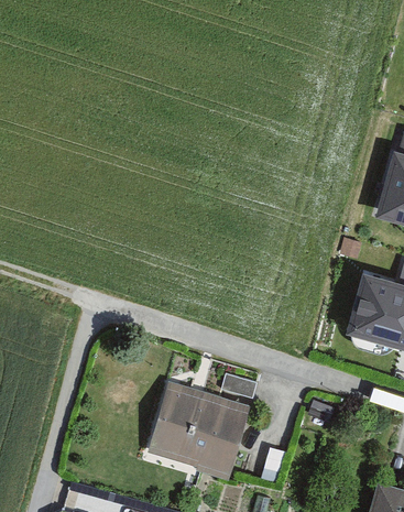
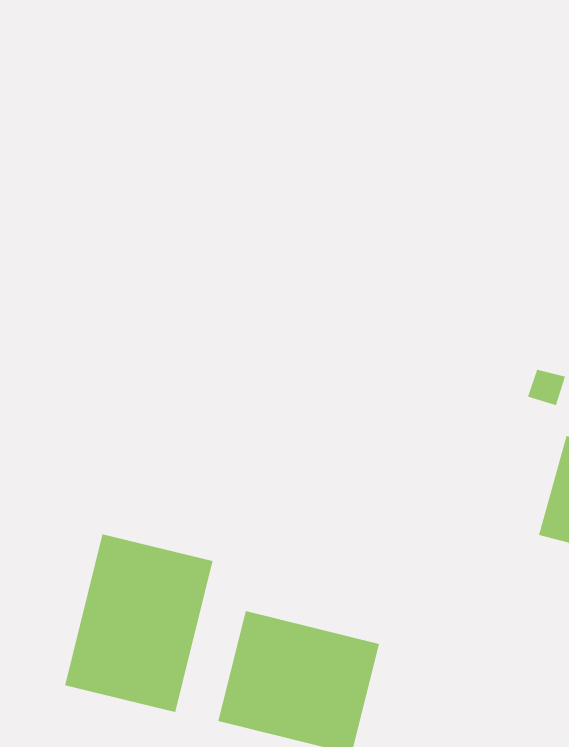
building: none -> [64,534,213,713]

